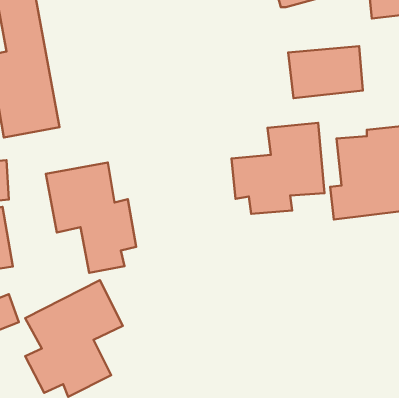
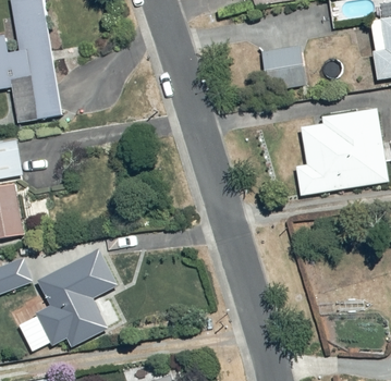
building: [232,123,324,214] -> none
building: [46,162,136,273] -> none

